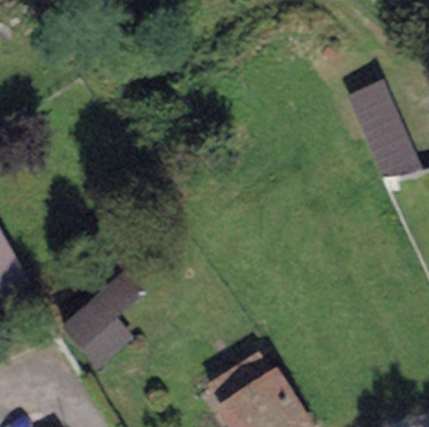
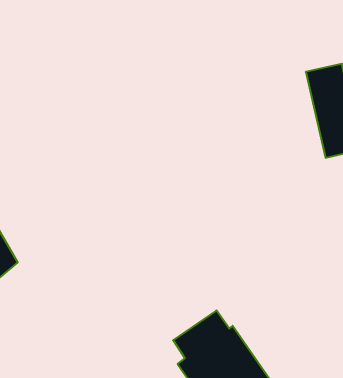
building: [61,274,142,367] -> none

